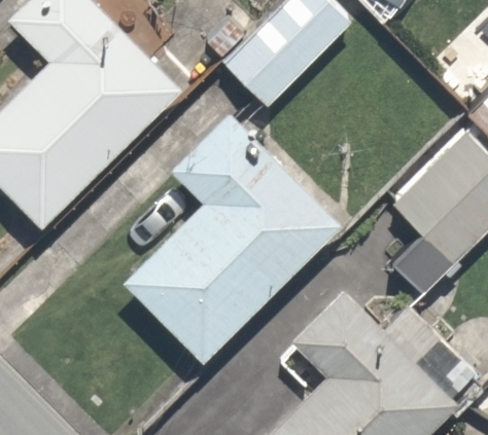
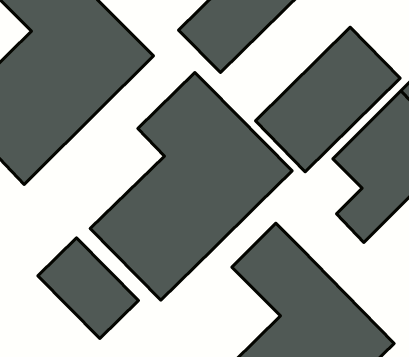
building: none -> [255,27,400,172]
building: none -> [38,238,138,338]

